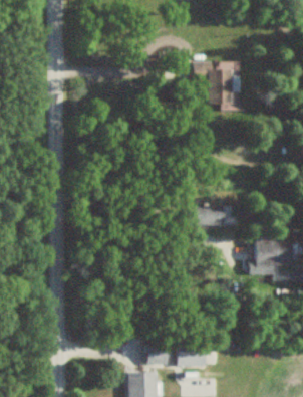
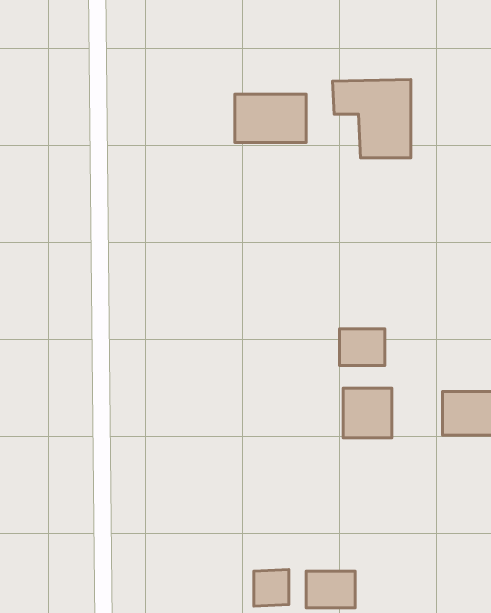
building: none -> [235,94,306,143]
building: none -> [343,388,392,438]

